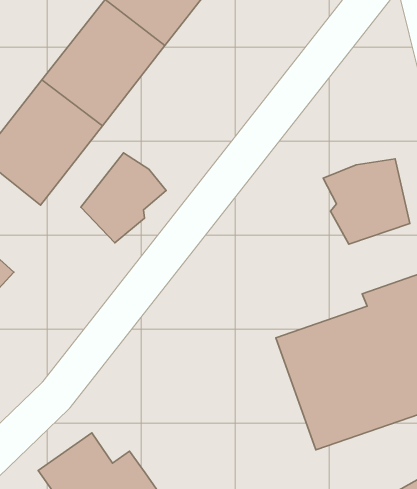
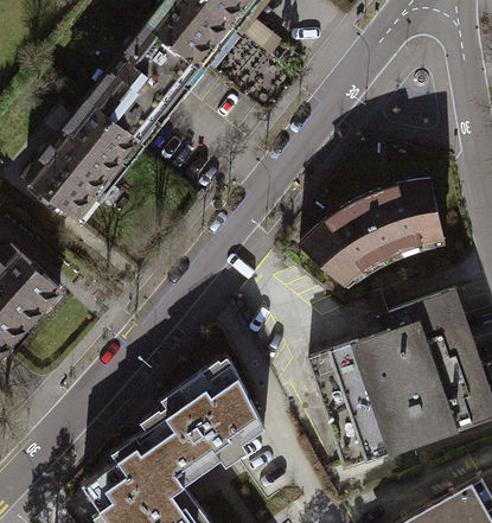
building: [81,153,166,243] -> none
building: none -> [298,200,382,289]
building: none -> [128,365,263,487]

